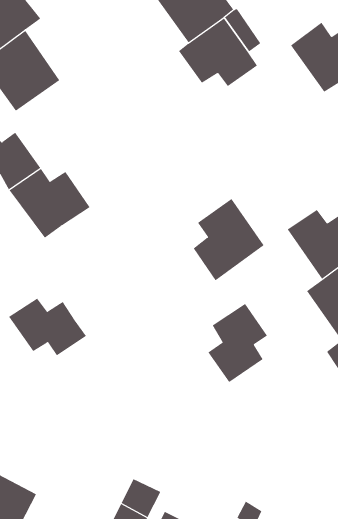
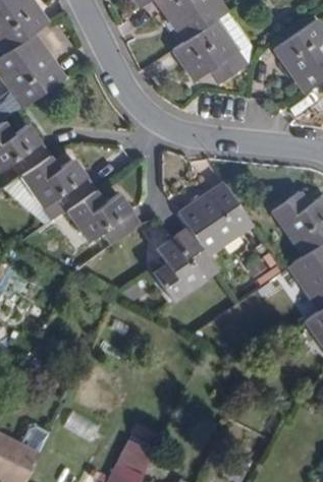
building: [8,298,87,356] -> [65,191,137,244]
building: [207,303,268,383] -> [150,229,205,301]

